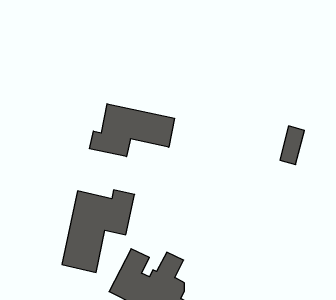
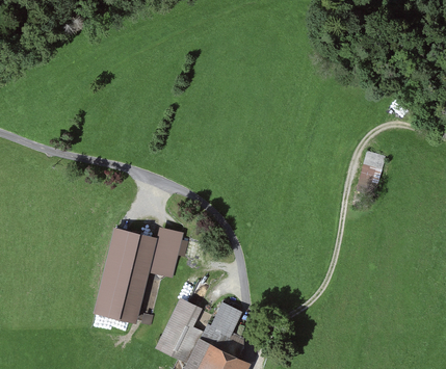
building: [90,104,174,157] -> none

